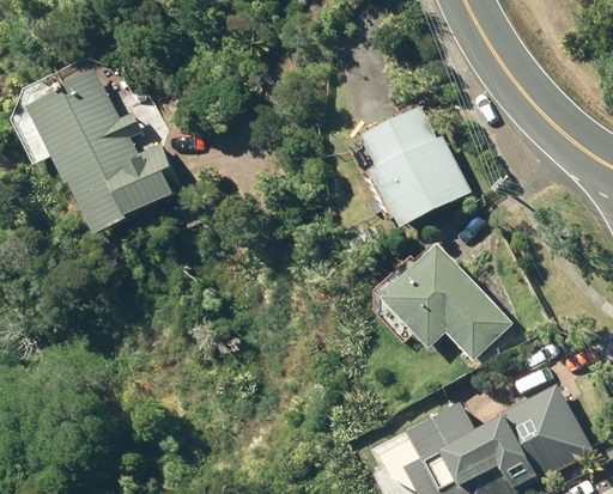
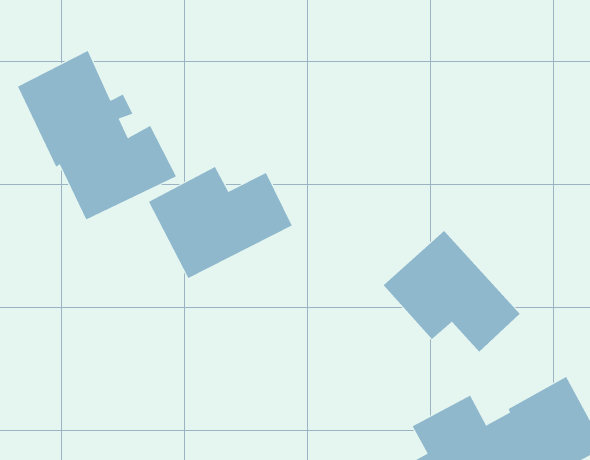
building: [359,102,468,225] -> none
building: none -> [148,166,292,279]

